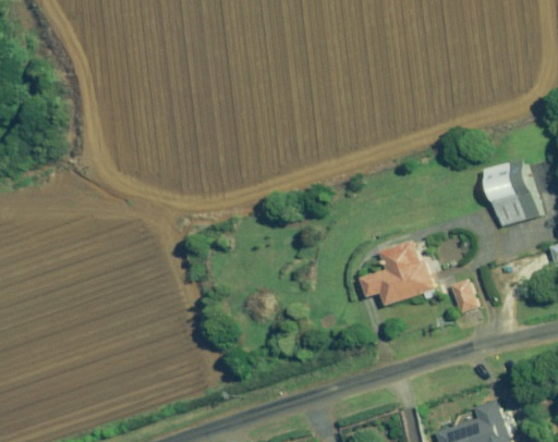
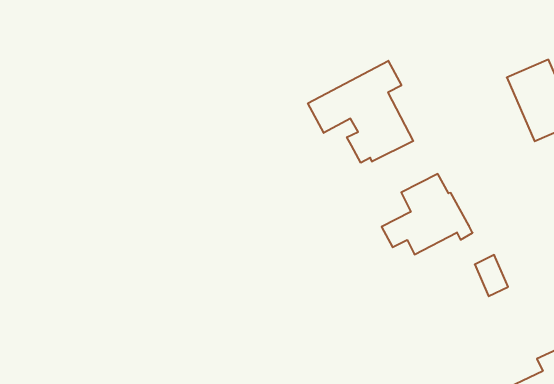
building: none -> [308,61,413,163]
building: [450,279,475,312] -> [475,255,508,296]

